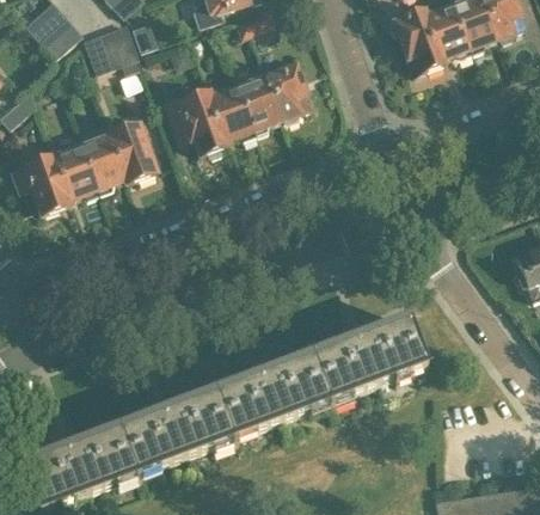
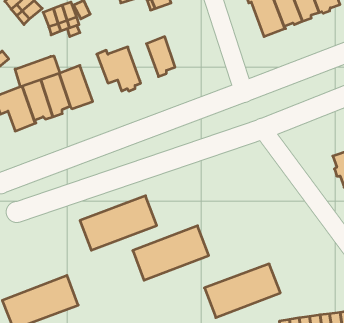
building: [265,65,312,122] -> none
building: [211,86,256,141] -> none
building: none -> [15,56,60,87]
building: [314,321,428,401] -> [204,264,280,318]
building: [119,394,234,476] -> [80,196,157,250]

